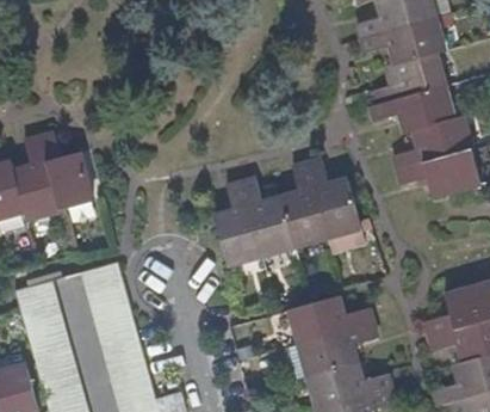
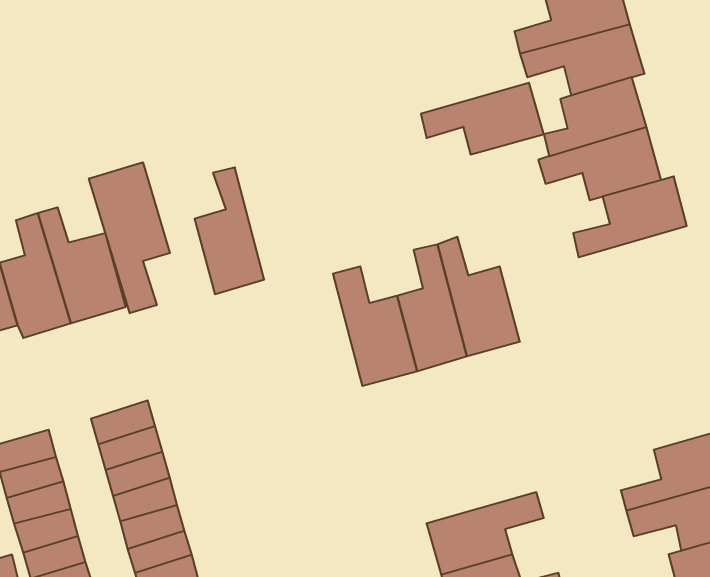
building: none -> [89,162,170,313]
building: [396,149,476,196] -> [421,83,544,154]
building: [210,180,255,263] -> [195,167,264,294]
building: [287,296,368,343] -> none

